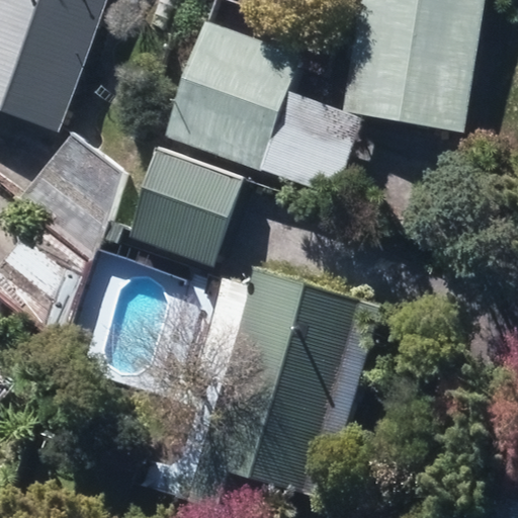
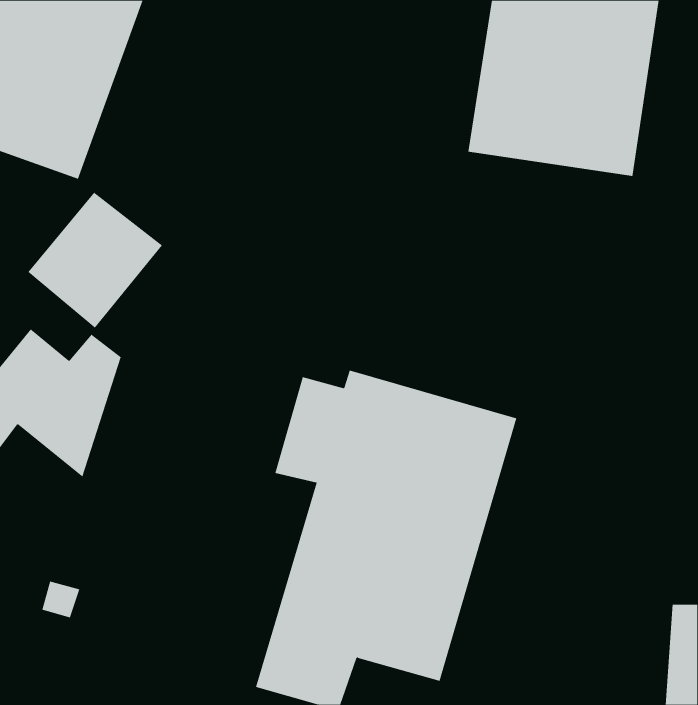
building: [164,20,363,196] -> none
building: [124,145,244,267] -> none

